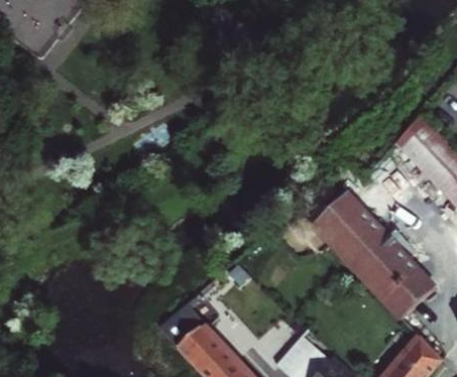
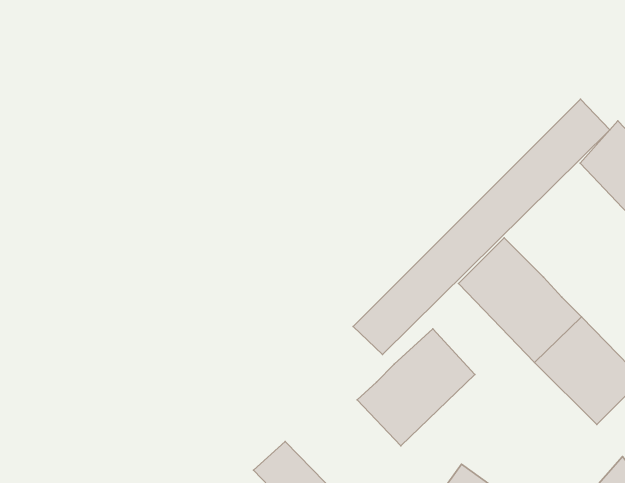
building: none -> [353,99,610,354]
building: none -> [357,329,475,446]

